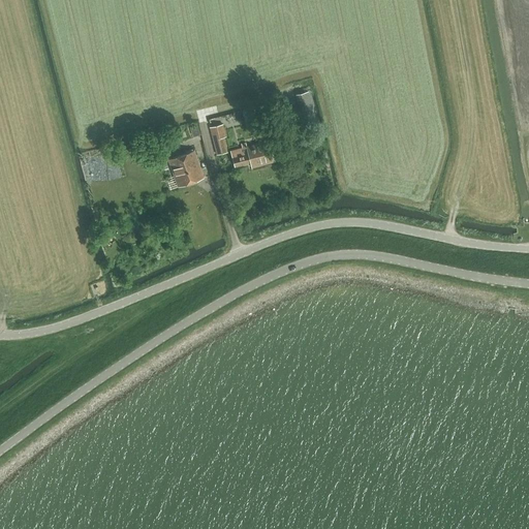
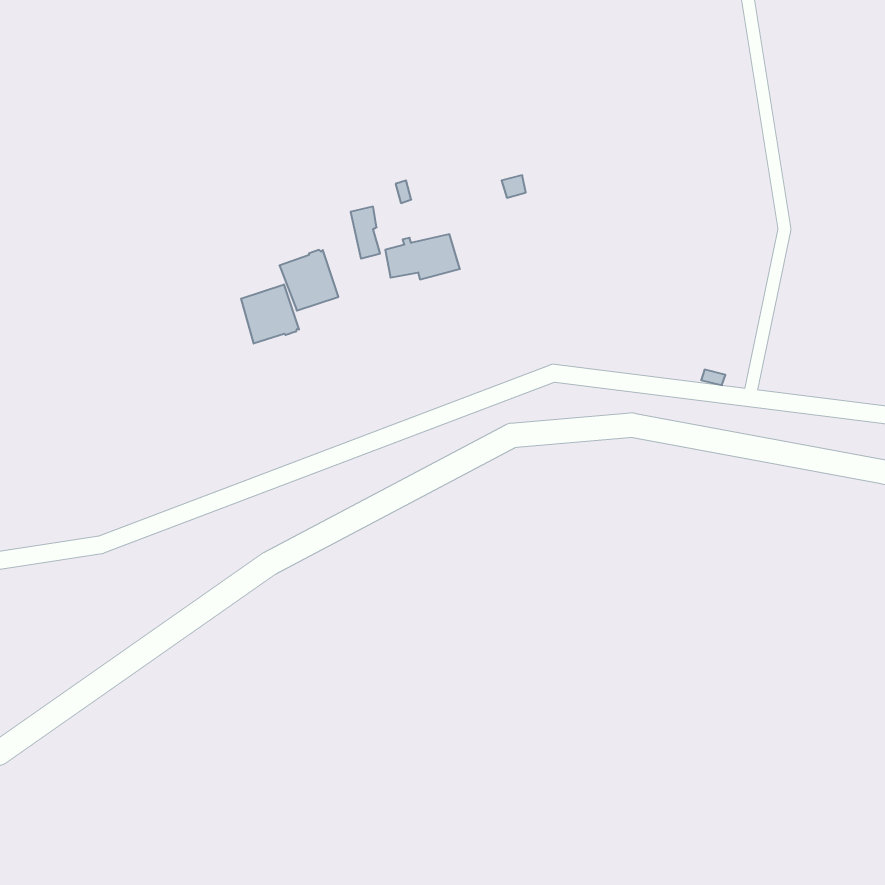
building: none -> [241,284,299,344]

